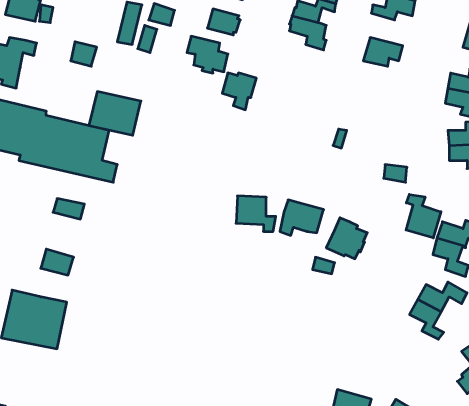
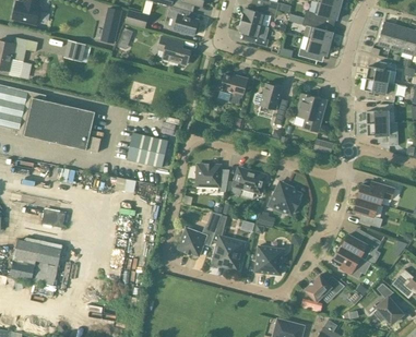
building: none -> [302,17,333,44]
building: [222,73,256,110] -> [221,74,248,104]
building: [89,92,141,135] -> [127,132,168,167]
building: none -> [254,83,282,109]
building: none -> [296,94,326,132]
building: [406,194,441,238] -> none
building: none -> [178,224,216,256]
building: none -> [215,236,245,269]
building: none -> [255,246,284,274]
building: none -> [305,275,344,301]

